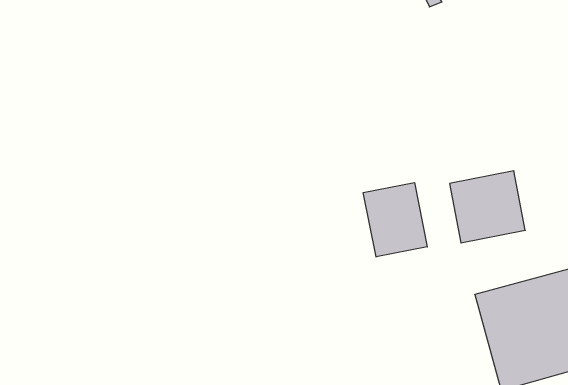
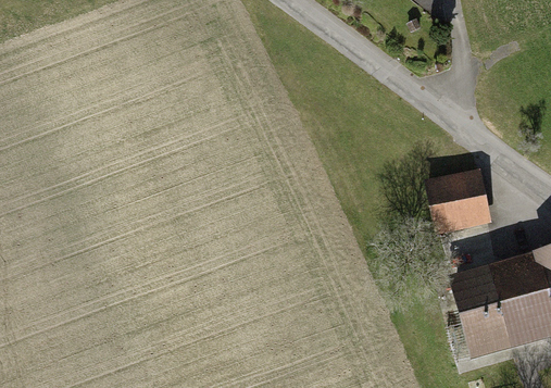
building: [363,183,427,257] -> none

